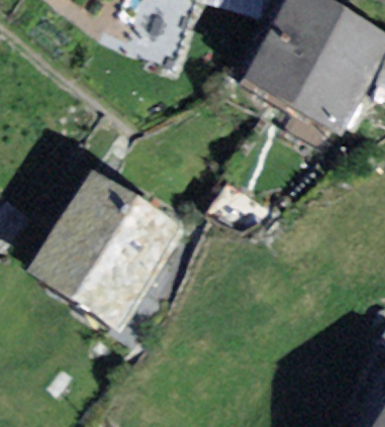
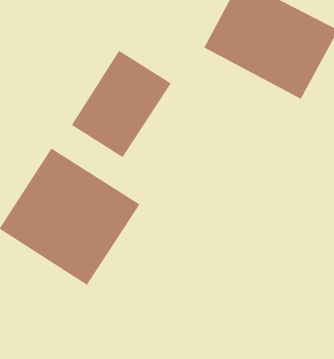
building: none -> [71,50,172,158]

